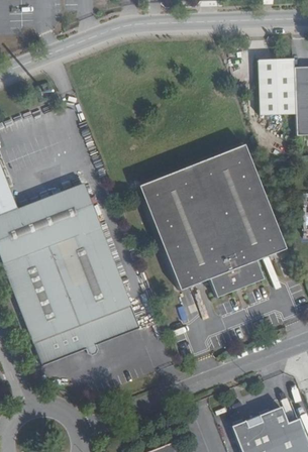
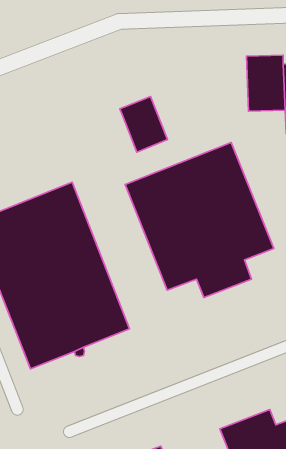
building: none -> [120,97,167,152]

